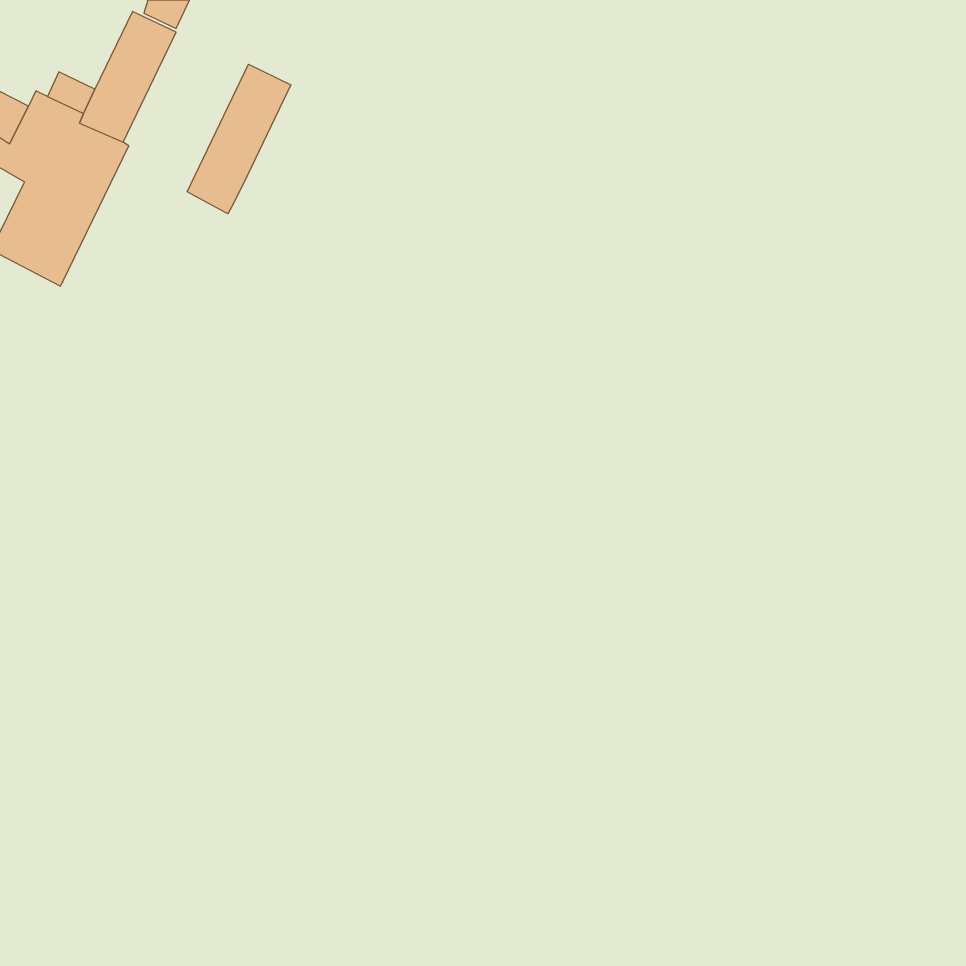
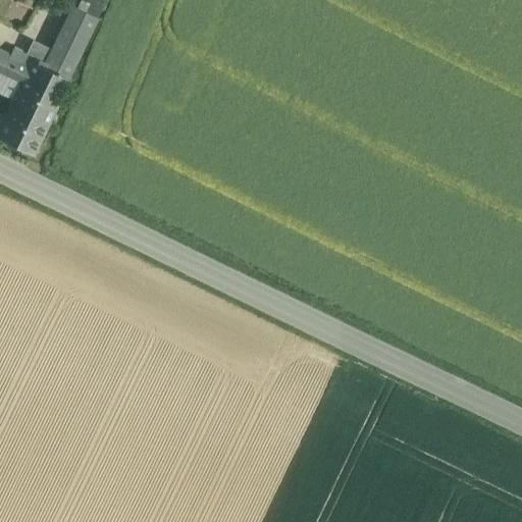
building: [187,64,291,214] -> none

